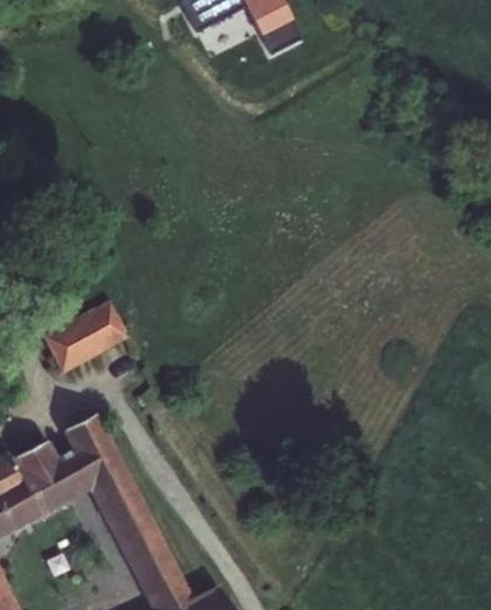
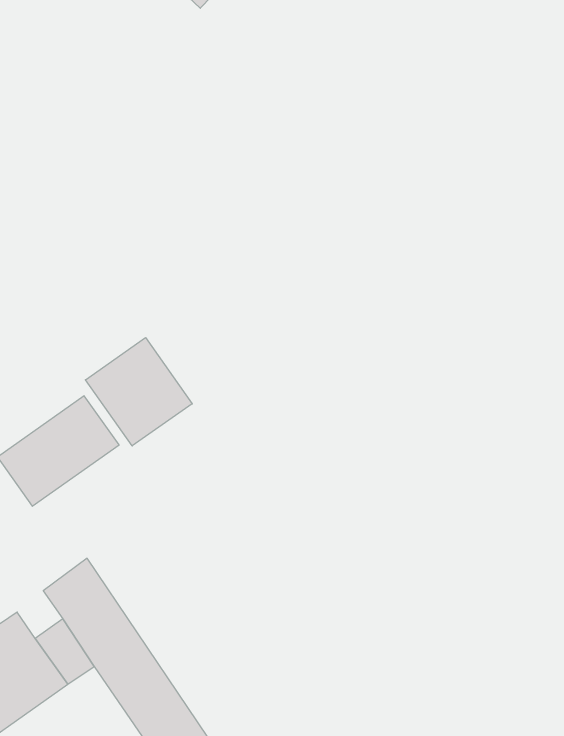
building: none -> [85,338,192,446]

